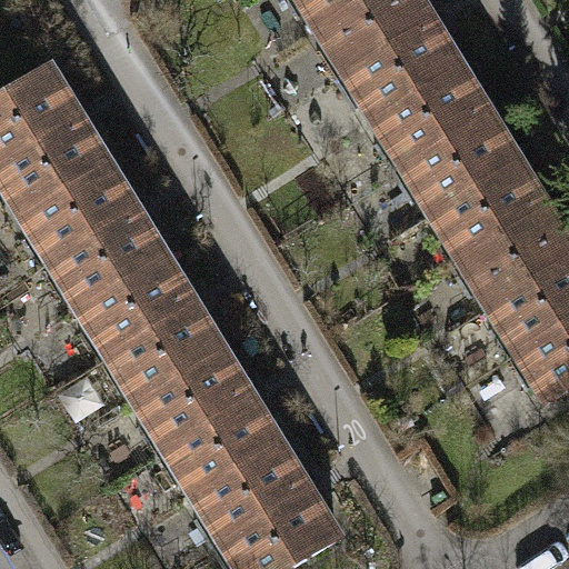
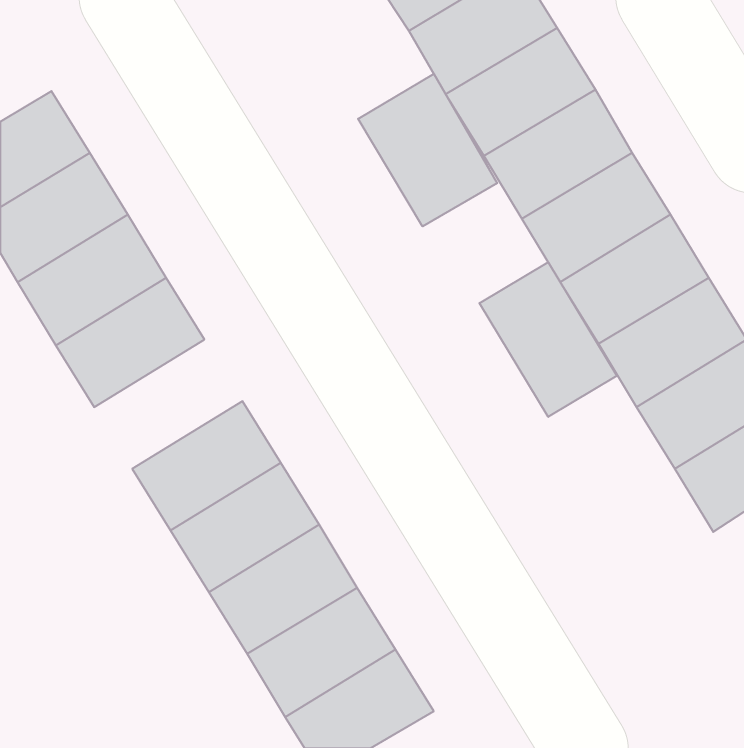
building: none -> [358,74,497,226]
building: none -> [479,262,617,417]
building: [77,257,189,355] -> none

